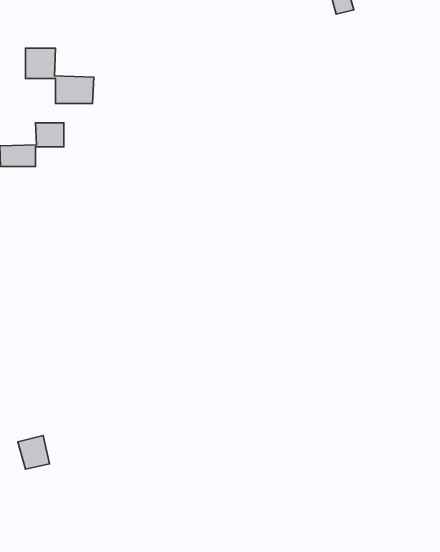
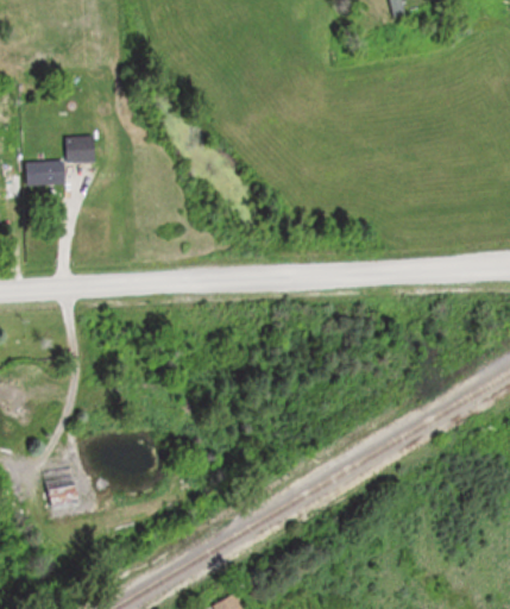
building: [26,48,94,103] -> none

